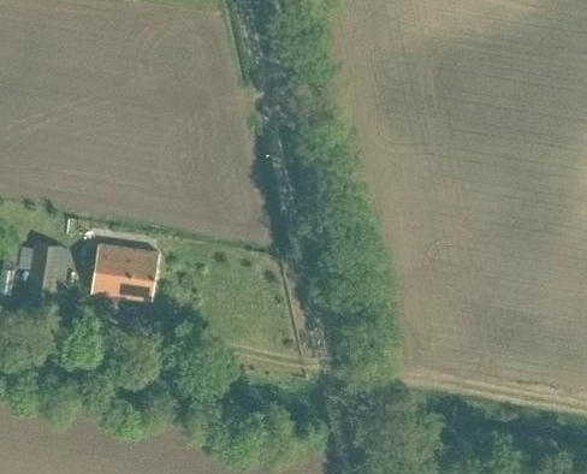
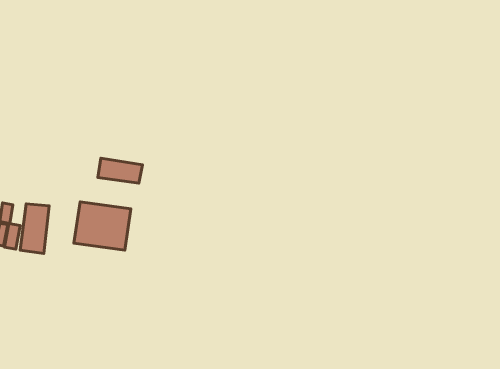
building: none -> [98,158,142,183]

